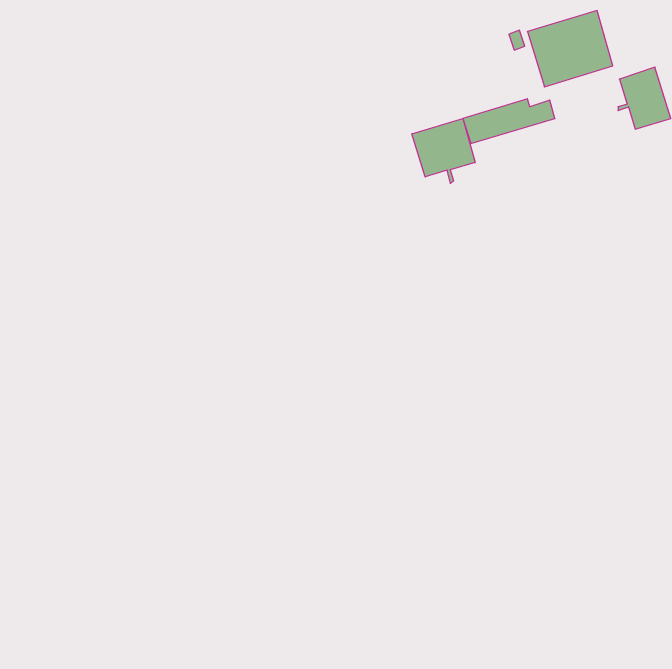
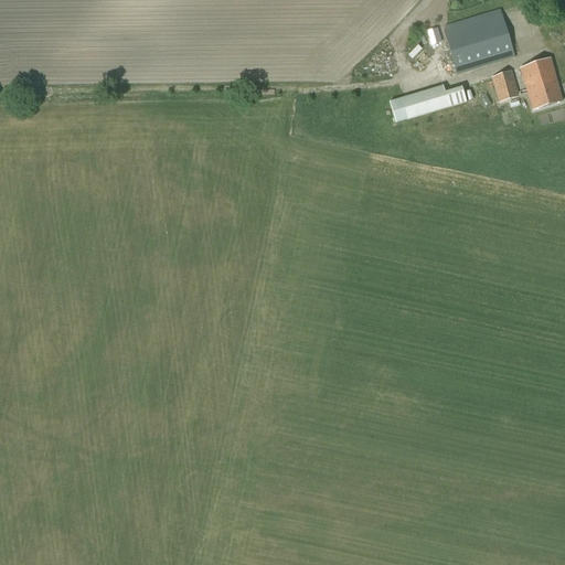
building: none -> [491,68,519,100]
building: [412,119,475,183] -> none

